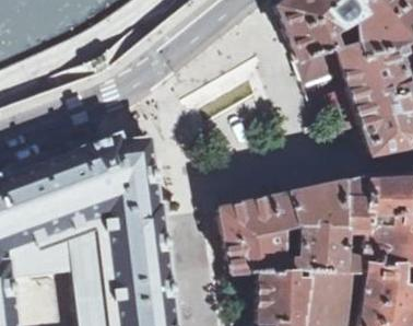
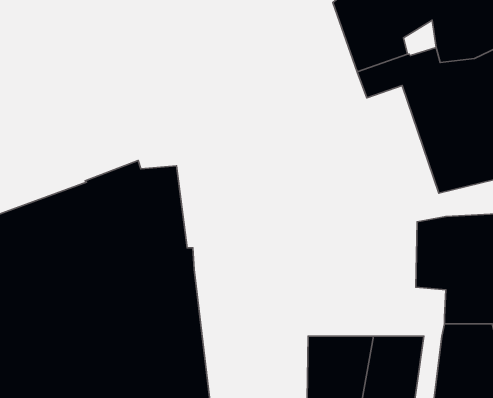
building: [222,182,368,278] -> none

